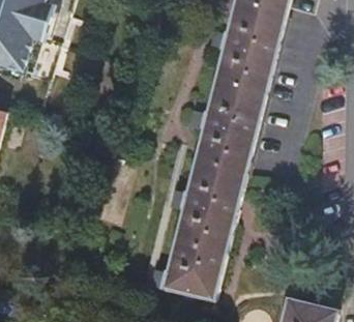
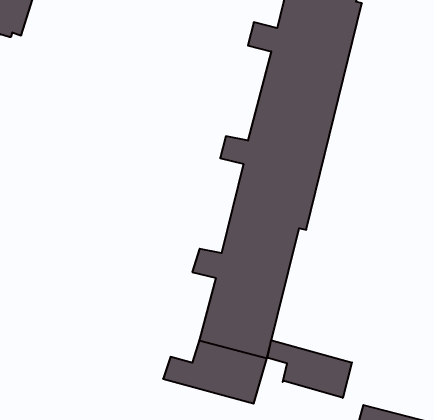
building: none -> [268,340,352,398]

